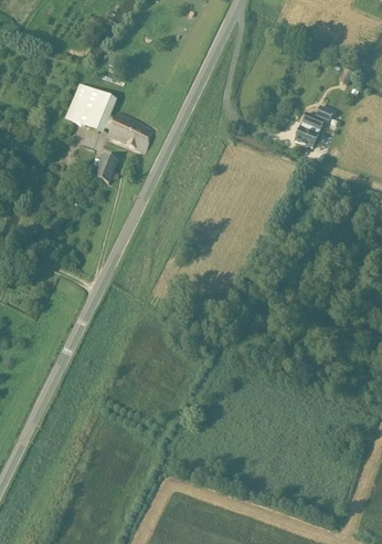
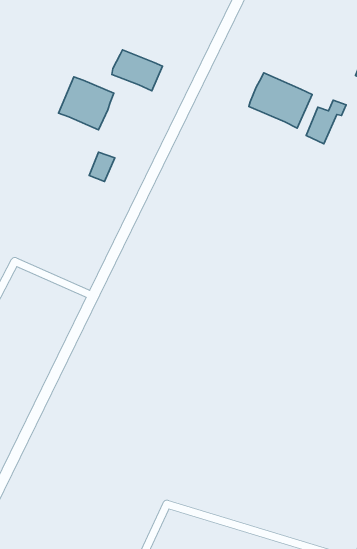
building: none -> [249,73,312,128]
building: [107,112,155,150] -> [112,50,162,91]

